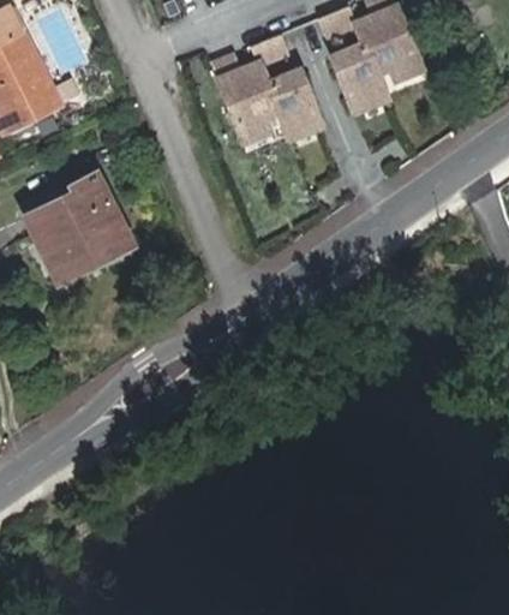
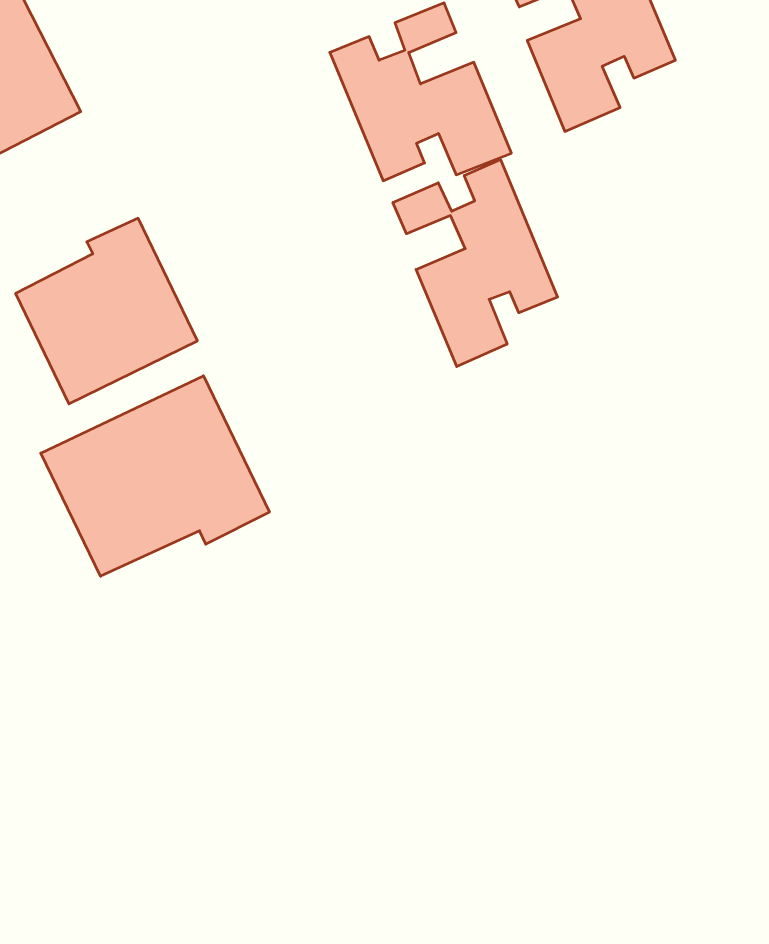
building: none -> [393,160,558,367]
building: none -> [41,376,269,576]

